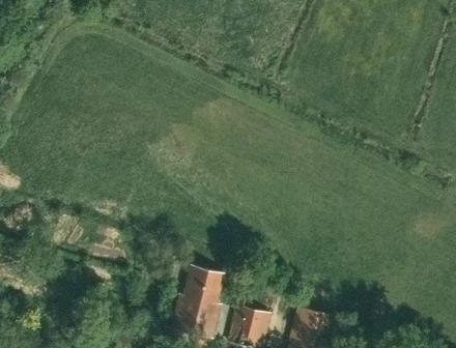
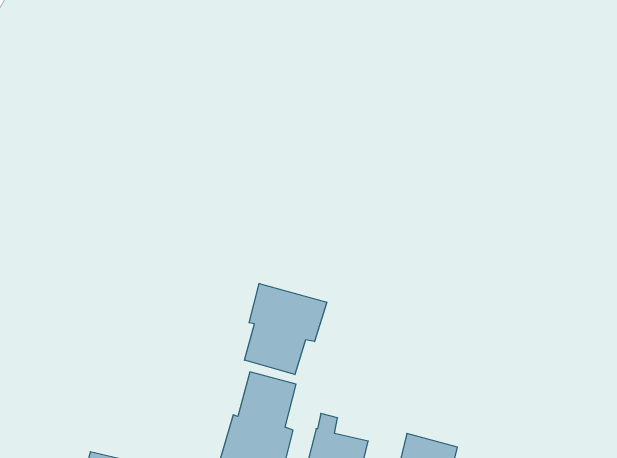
building: none -> [244,283,327,375]

